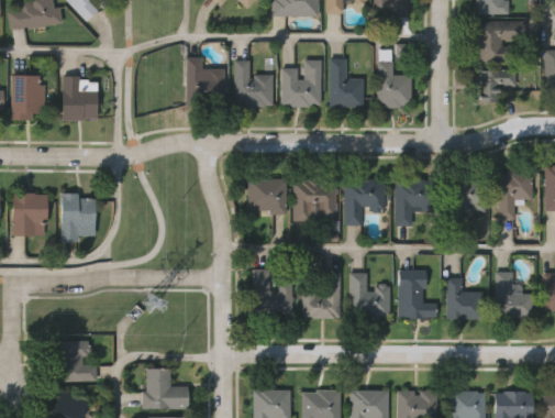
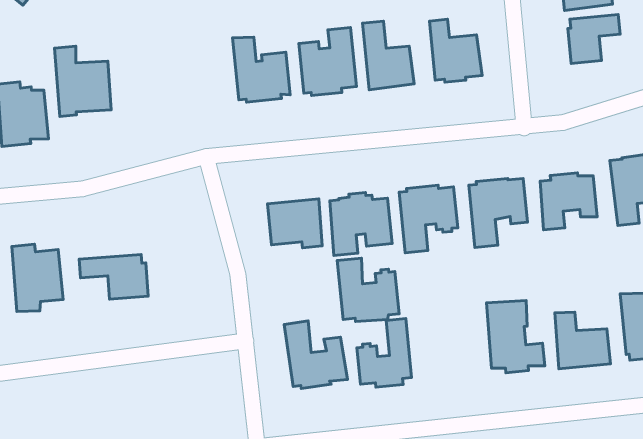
building: [186,55,224,105] -> [55,46,111,116]
building: none -> [79,254,148,299]
building: [349,272,390,318] -> [337,258,399,321]

